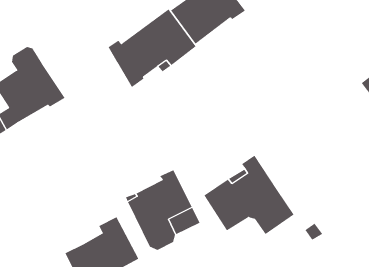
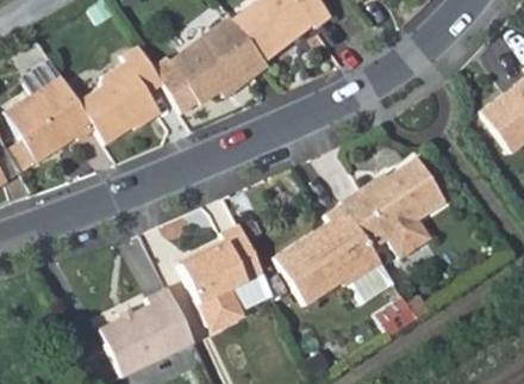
building: none -> [69,44,164,143]
building: none -> [343,159,445,259]

